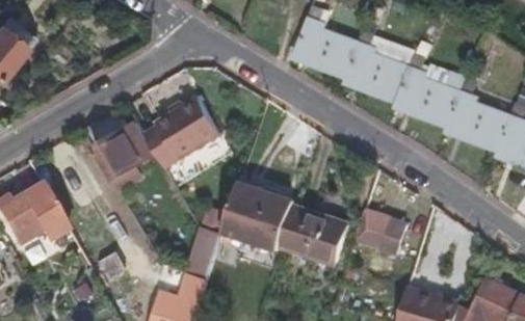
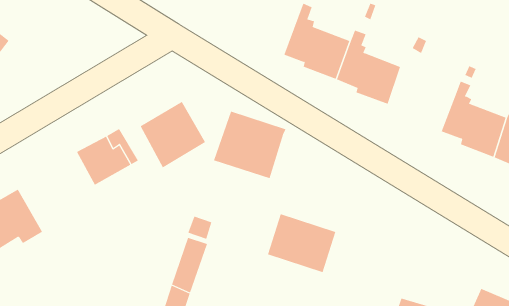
building: [395,54,461,129] -> none
building: [222,186,293,251] -> [213,111,286,179]
building: [352,211,404,256] -> none

